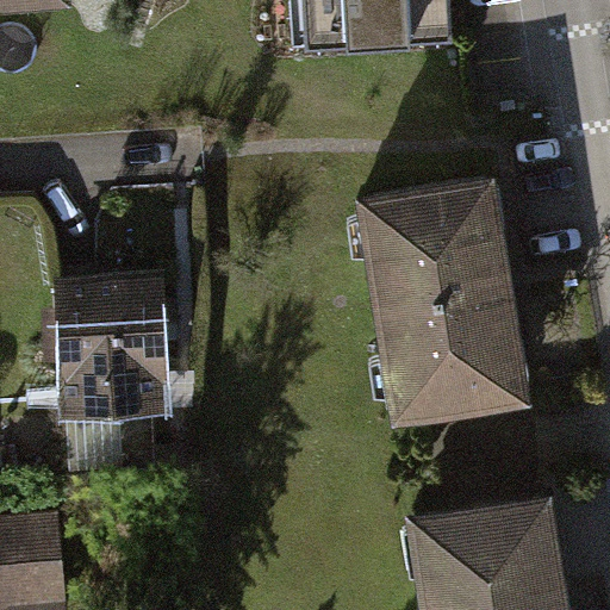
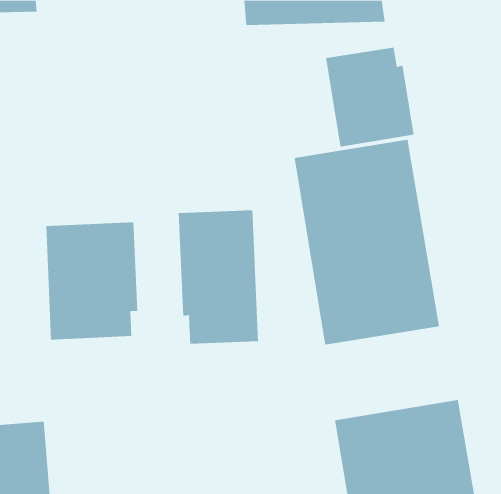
building: none -> [326,47,414,147]
building: none -> [178,209,259,344]

